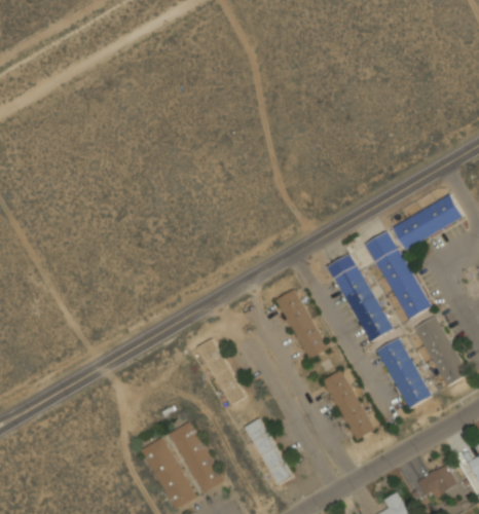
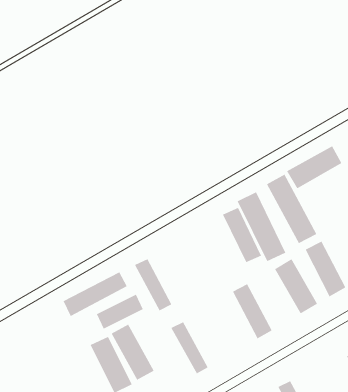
building: [277,289,327,360] -> [222,207,262,263]
building: none -> [63,271,128,317]
building: none -> [96,294,144,329]
building: [417,465,457,501] -> none

